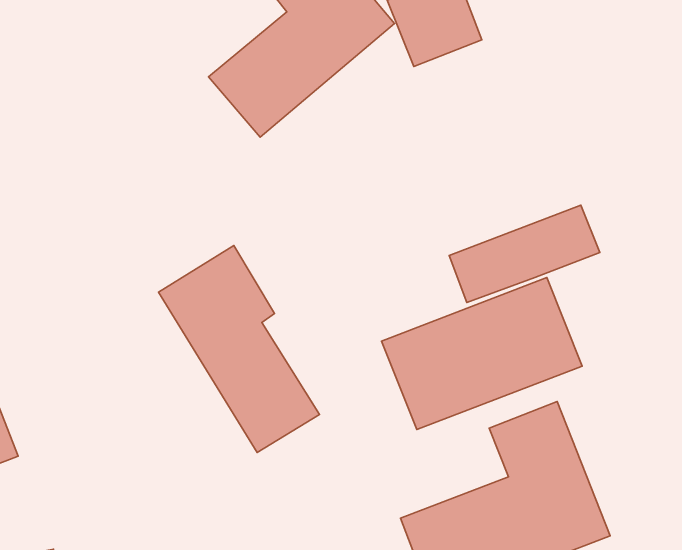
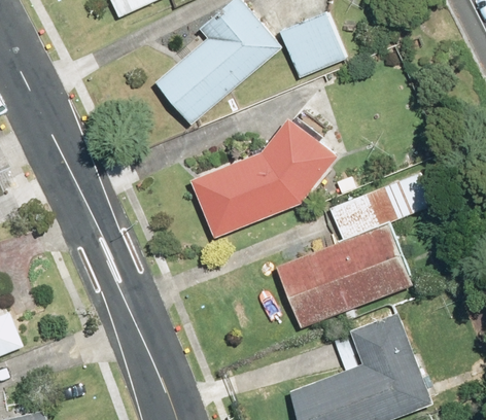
building: none -> [189,116,340,238]
building: [159,246,320,452] -> none

